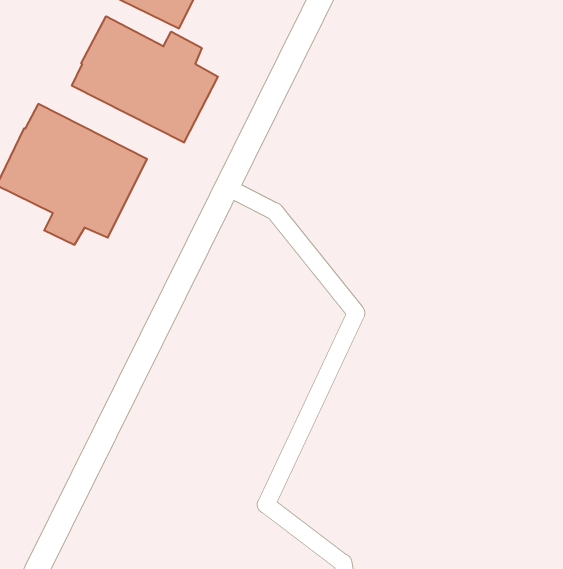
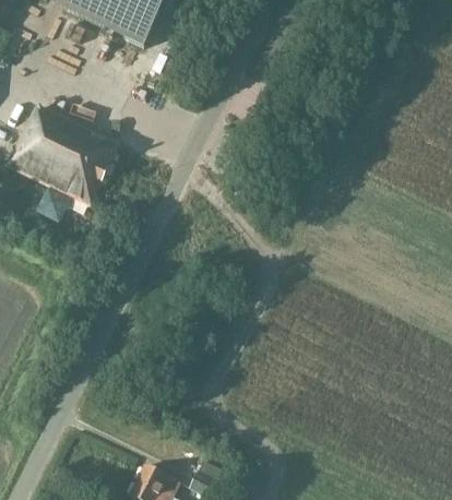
building: [72,16,218,143] -> none

